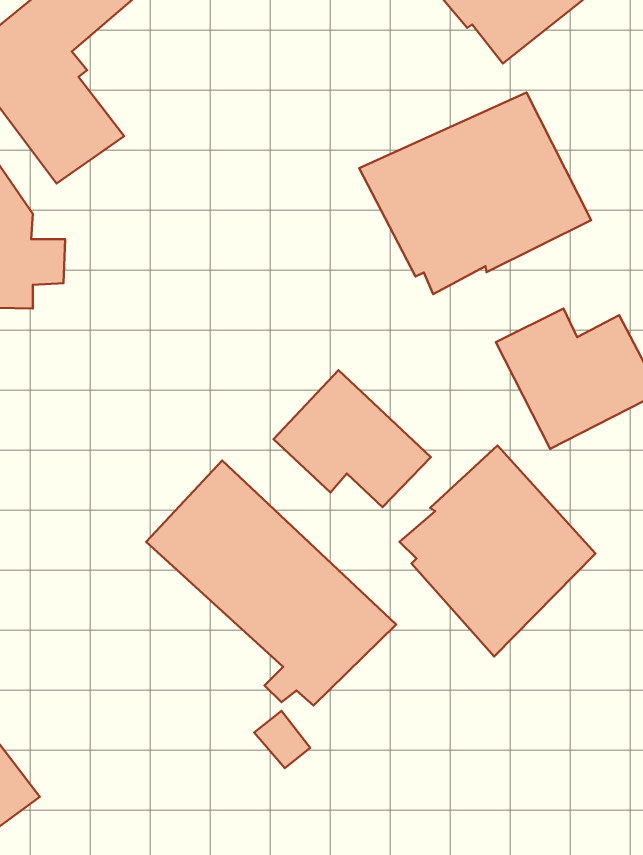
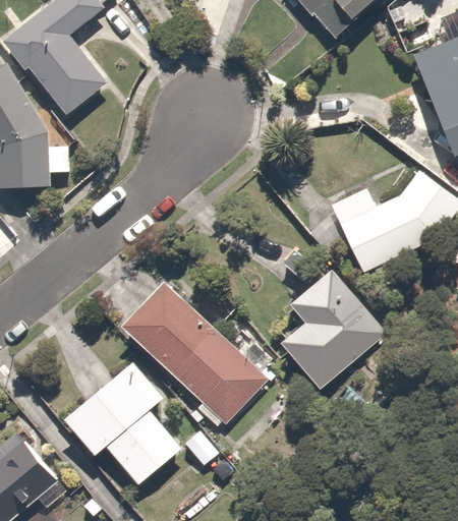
building: [359,92,591,294] -> none
building: [273,370,431,507] -> none
building: none -> [35,361,181,485]

